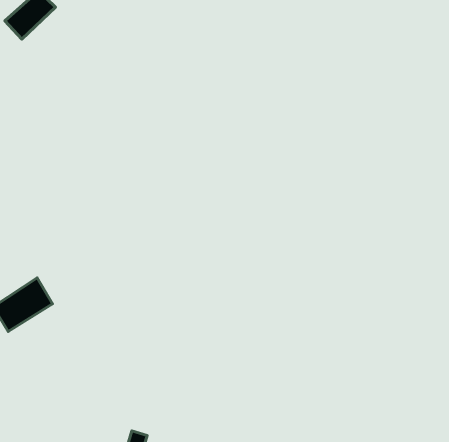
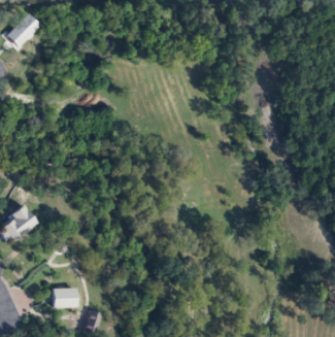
building: none -> [53,289,77,308]

